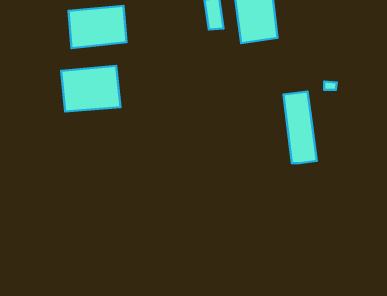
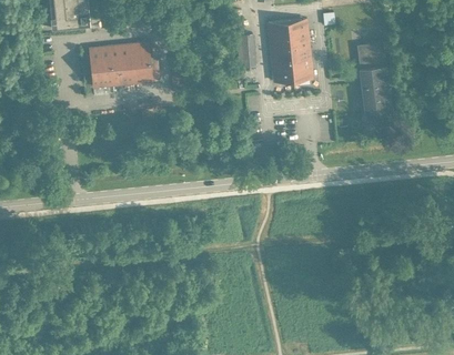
building: [61,66,121,111] -> none
building: [284,91,317,163] -> [357,42,393,119]

